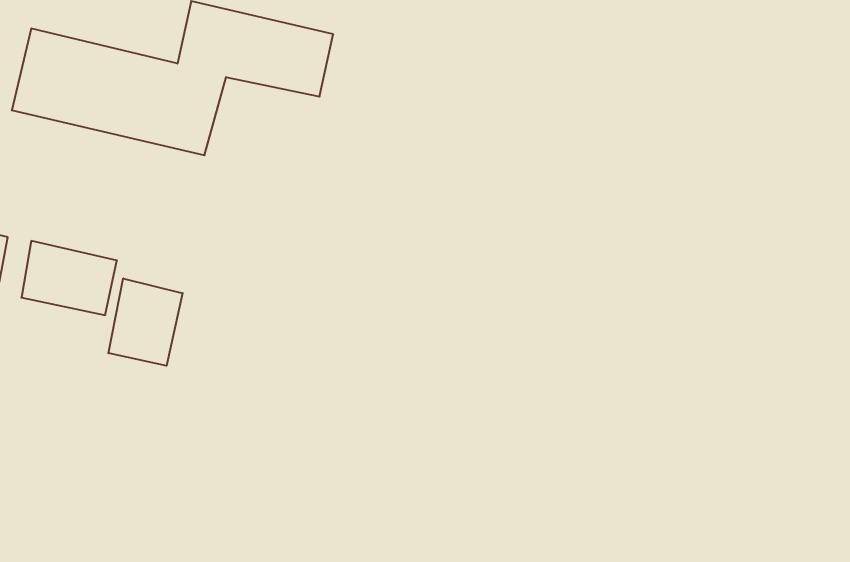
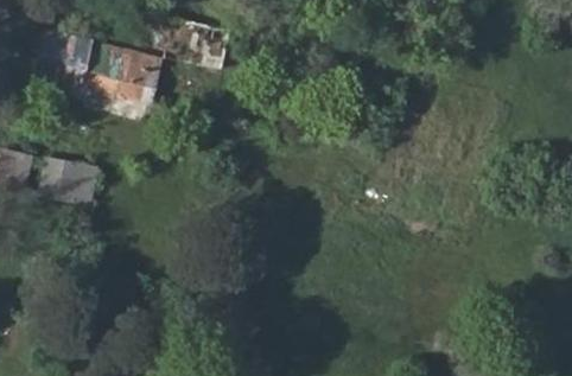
building: [108,278,183,366] -> none

